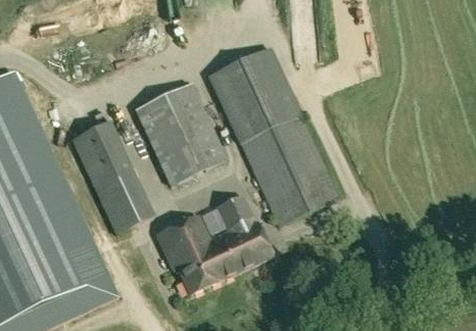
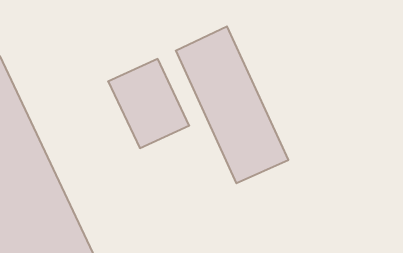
building: [70,120,152,231] -> none
building: [156,195,272,292] -> none

